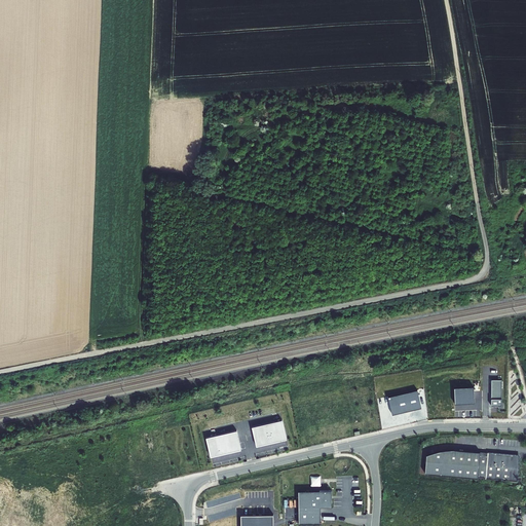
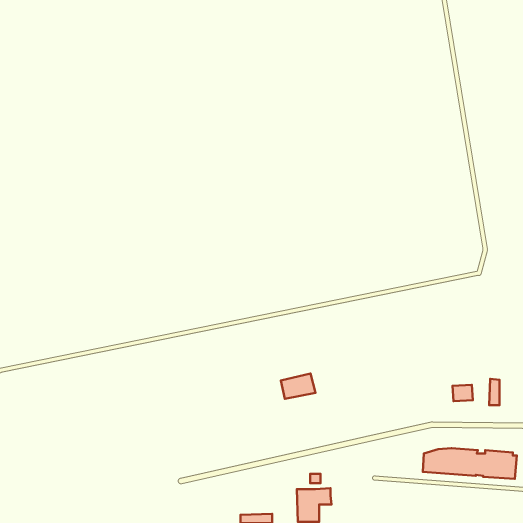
building: [387,389,421,414] -> none
building: [253,420,288,446] -> [281,373,316,399]
building: [206,430,241,457] -> none

